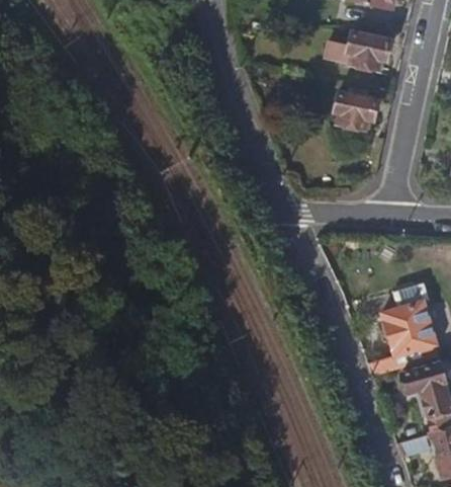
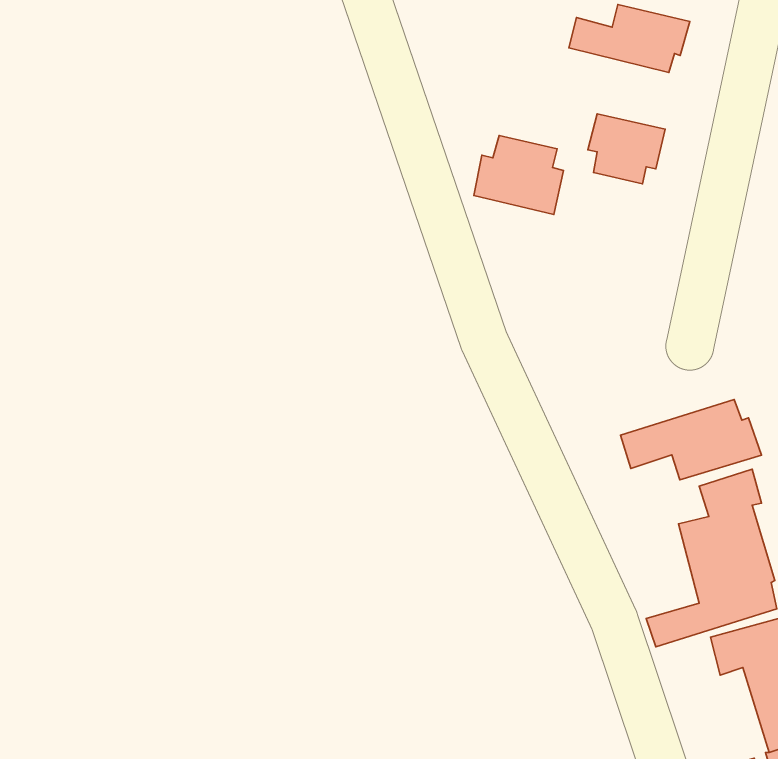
building: none -> [474,135,564,214]
building: none -> [620,399,761,480]

